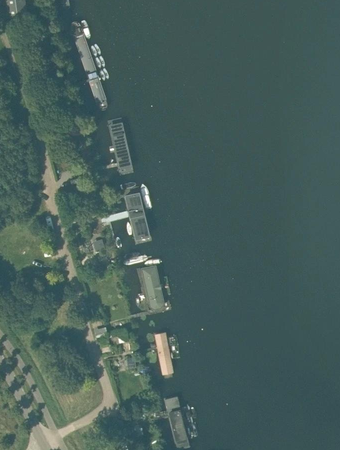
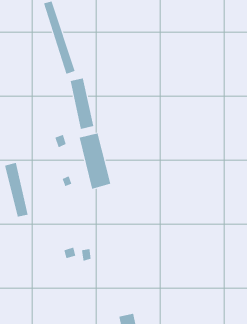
building: [134,254,164,322] -> [4,162,29,217]
building: [150,329,175,379] -> none

